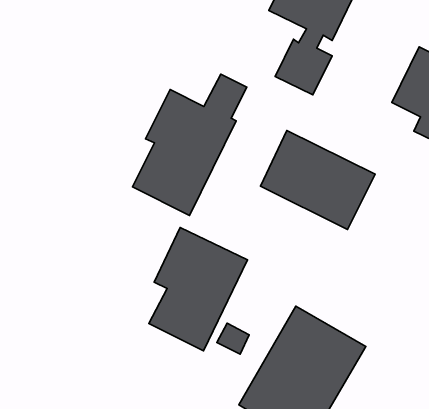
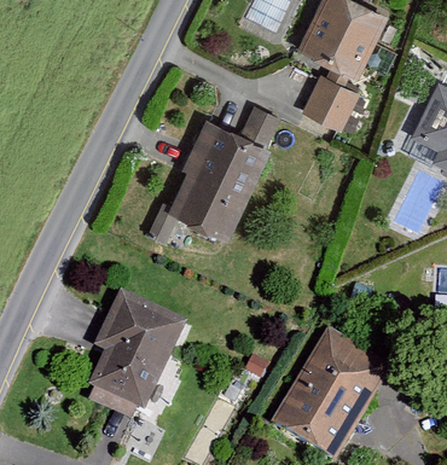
building: [260,131,375,229] -> none
building: [149,228,247,351] -> [91,291,182,406]

